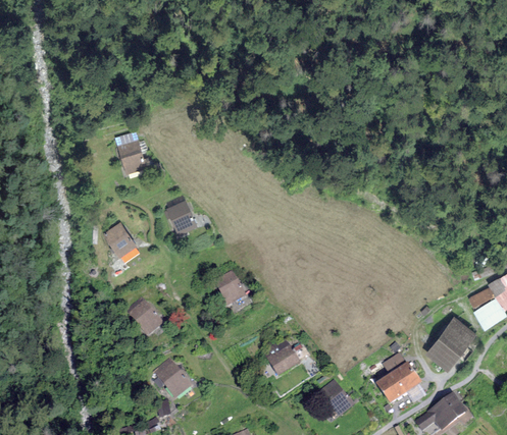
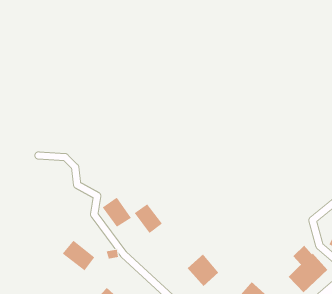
building: [117,140,146,173] -> none
building: [166,200,198,234] -> [102,197,132,228]
building: [104,223,135,257] -> none

